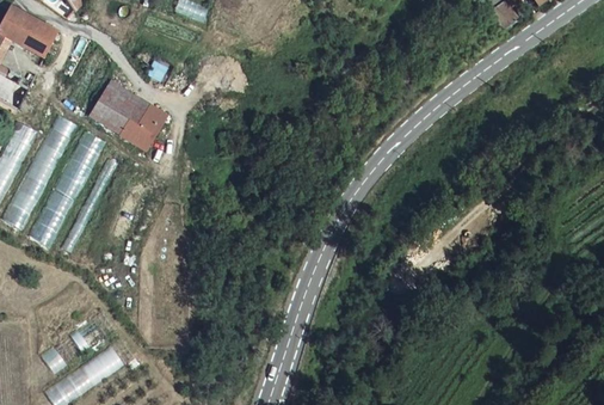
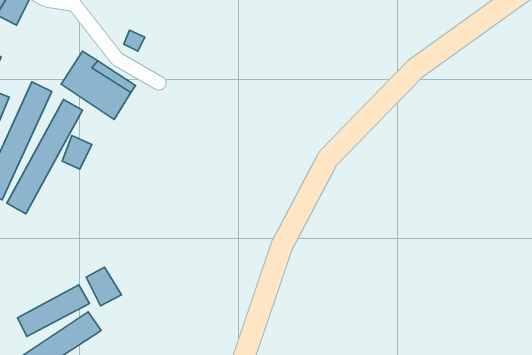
building: none -> [62,136,92,169]
building: none -> [86,267,122,306]

